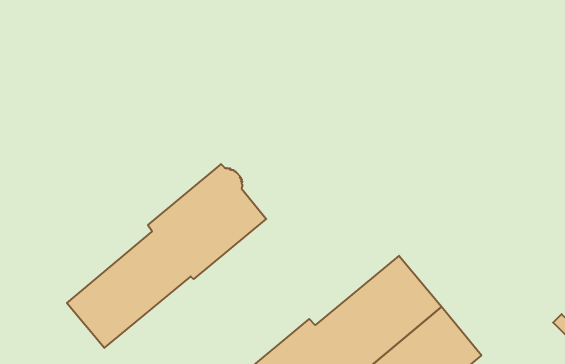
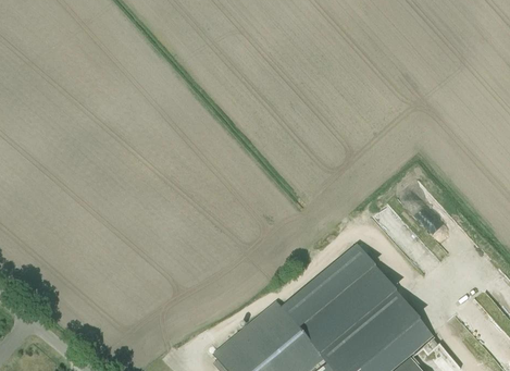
building: [67,164,266,348] -> none

